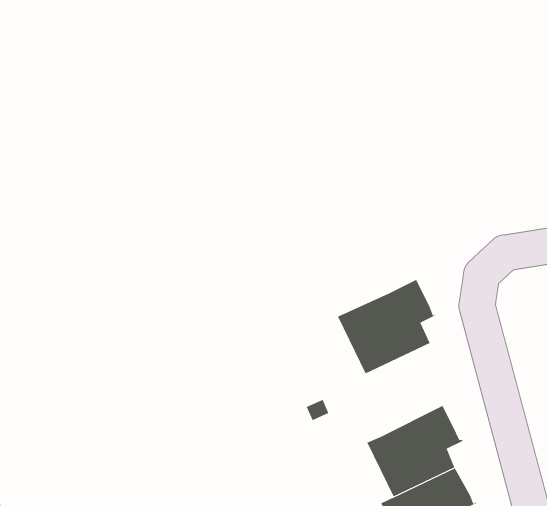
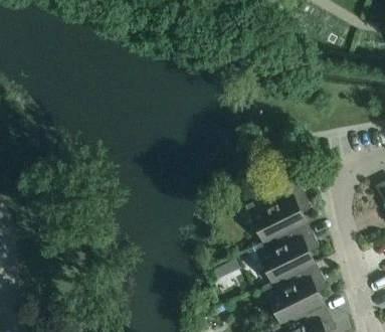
building: none -> [248,225,319,286]

